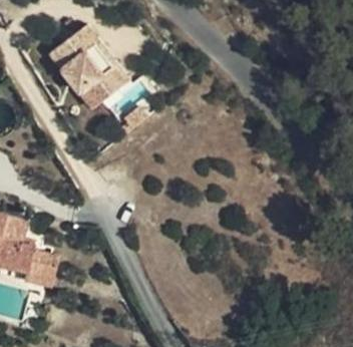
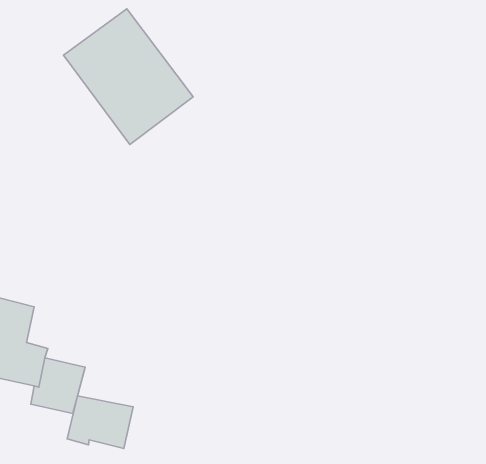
building: none -> [67,396,133,448]

